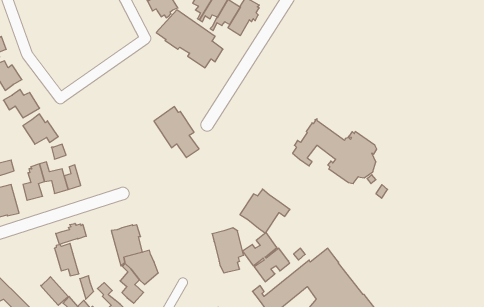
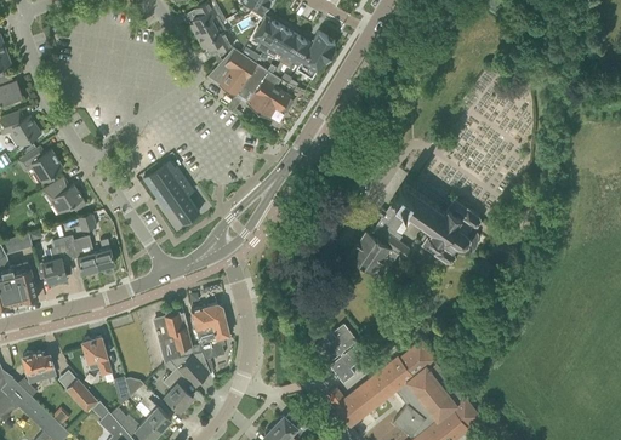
building: [154,107,199,158] -> [143,161,199,224]
building: [240,189,290,233] -> [348,225,410,280]
building: [56,223,86,245] -> none
building: [212,228,244,273] -> [190,304,229,360]
building: none -> [22,353,55,384]

